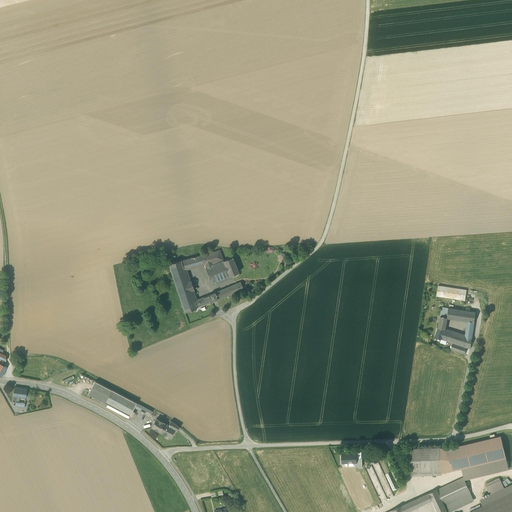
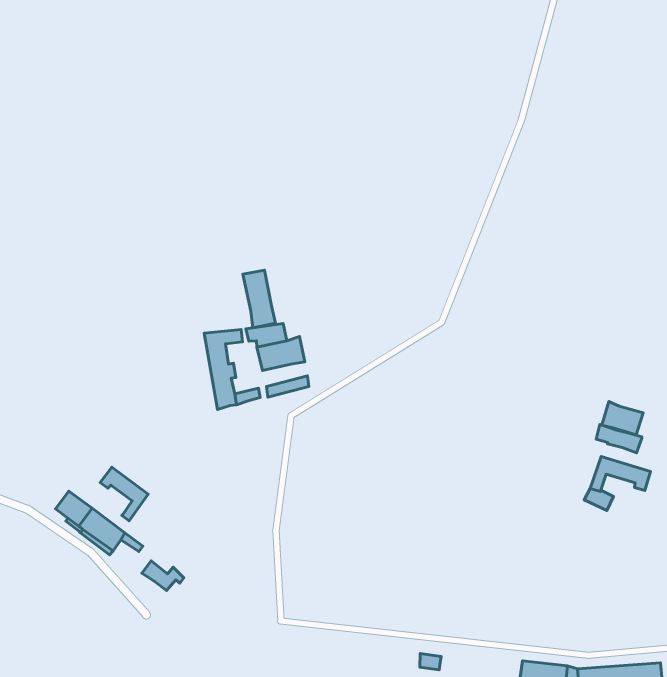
building: none -> [243,270,276,328]
building: none -> [602,402,643,435]
building: [452,329,474,355] -> none
building: none -> [100,467,148,521]

